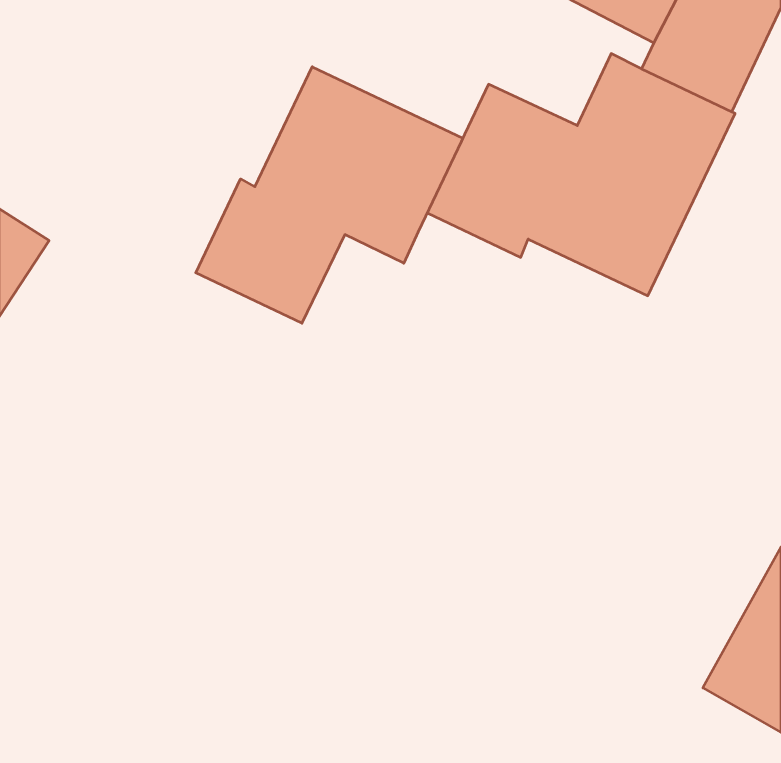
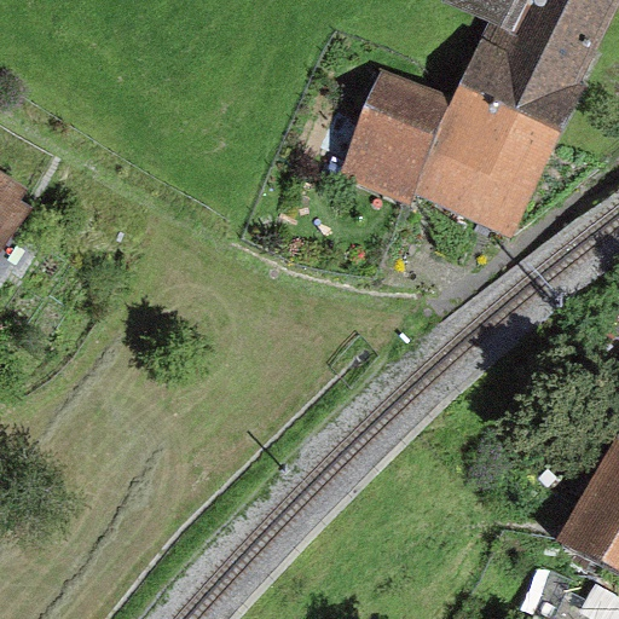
building: [196,67,463,323] -> none

